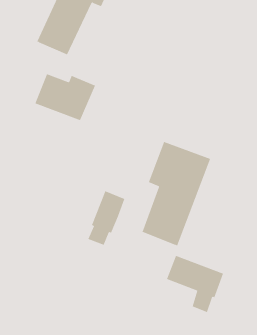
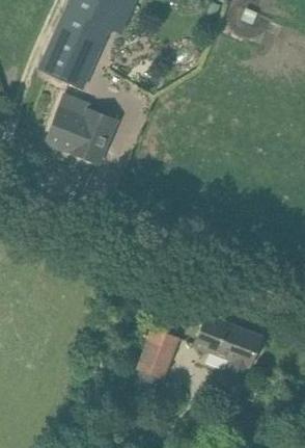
building: [142,141,211,246] -> none
building: [88,191,125,245] -> [133,328,175,391]

